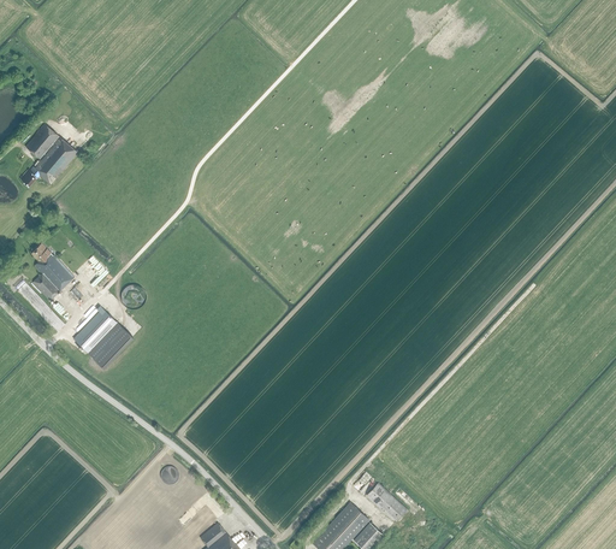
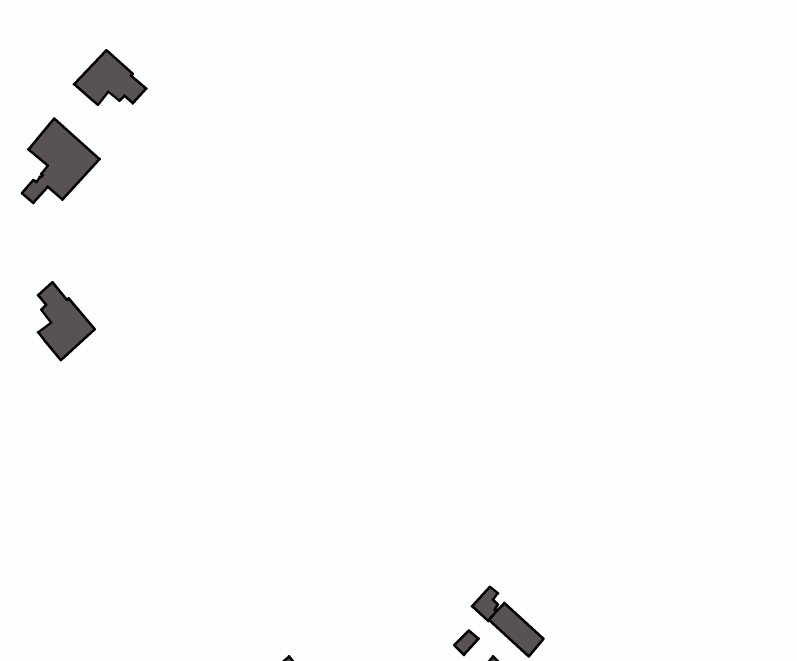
building: none -> [74,50,146,105]
building: [73,305,131,367] -> none

